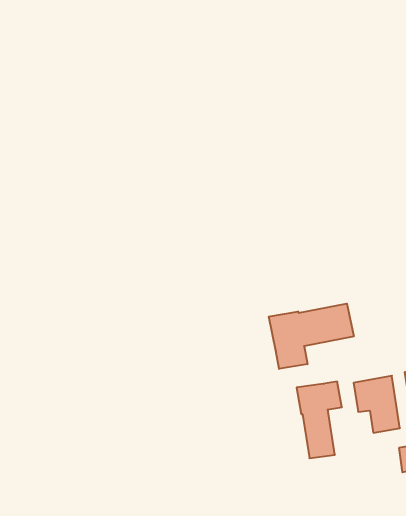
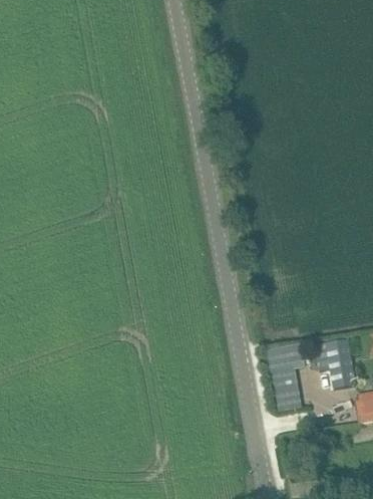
building: [269,304,354,369] -> none

